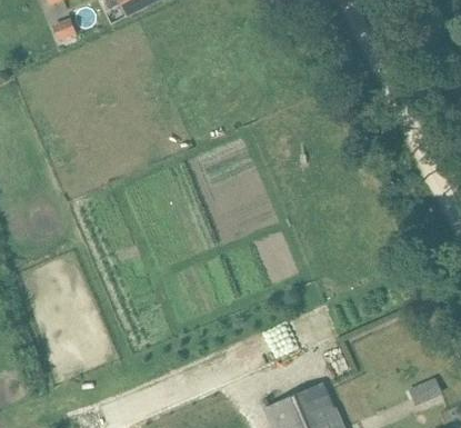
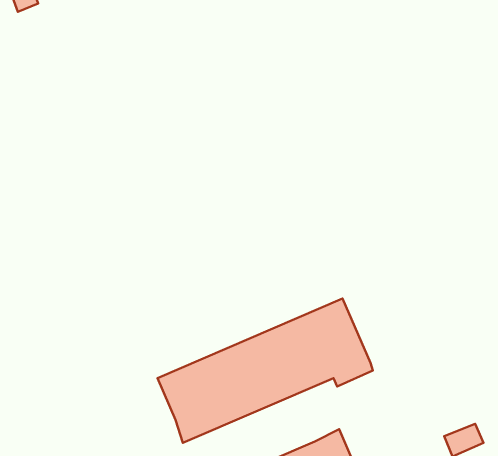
building: none -> [157,299,373,443]

